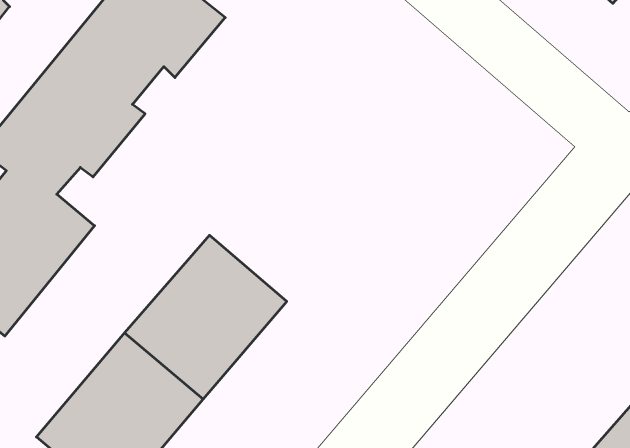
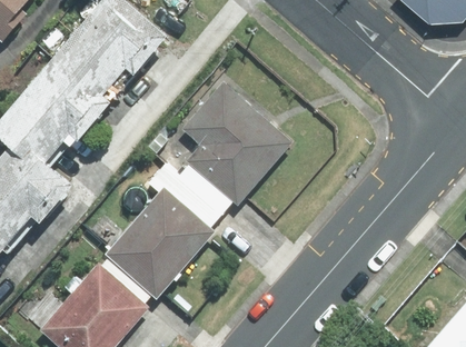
building: none -> [176,82,289,216]

